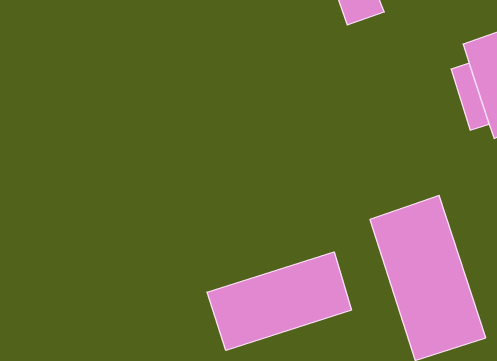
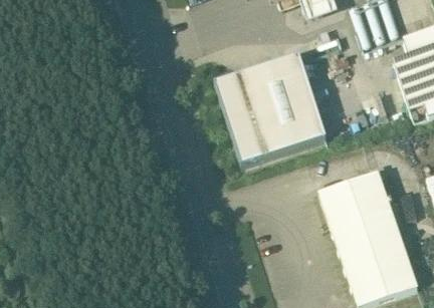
building: none -> [215,62,320,167]
building: [207,252,351,350] -> none

